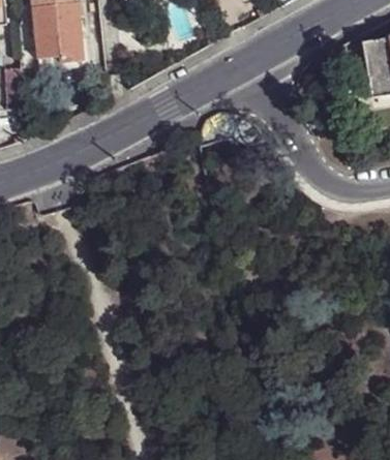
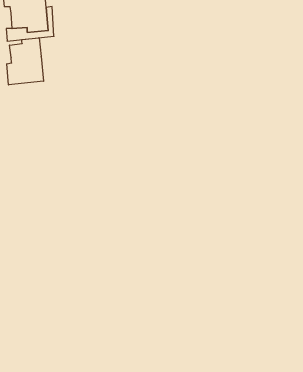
building: none -> [7,38,44,85]

